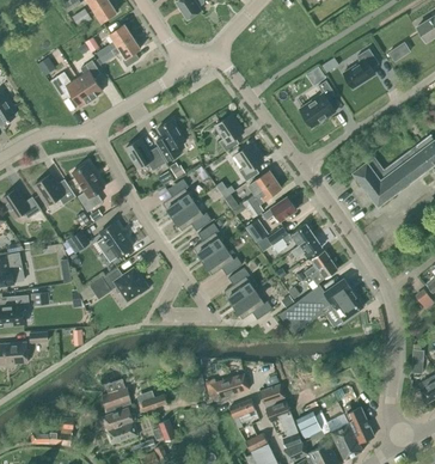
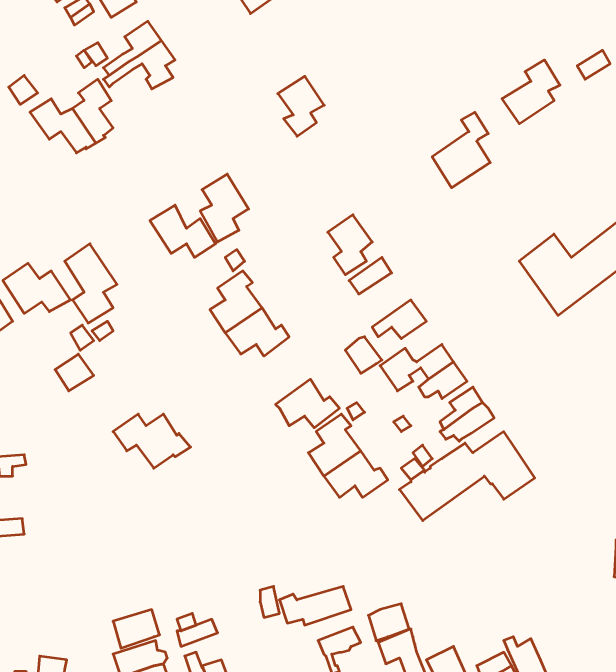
building: [214,115,243,152] -> [278,76,324,136]
building: [241,181,280,218] -> none
building: [99,222,131,257] -> none
building: [192,224,223,262] -> none

